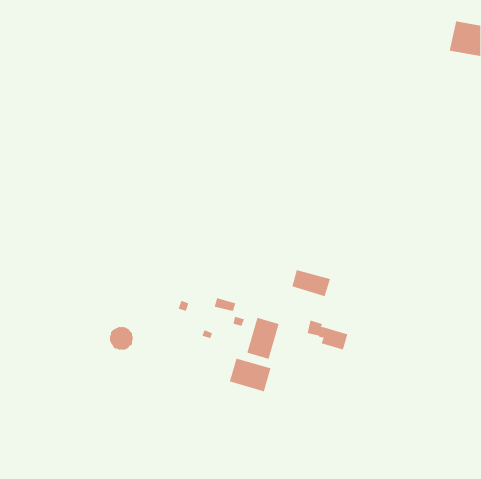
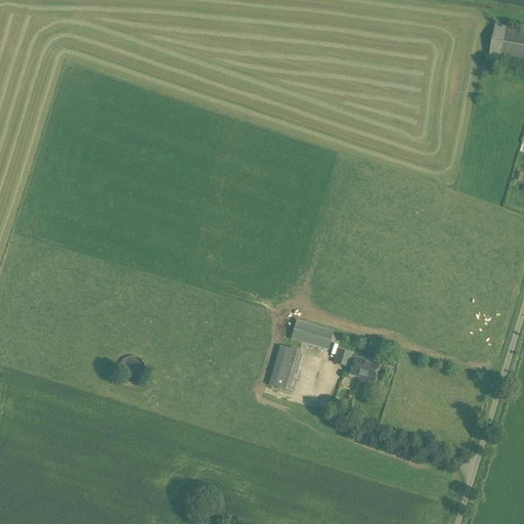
building: [291,269,331,297] -> [291,319,334,349]
building: [229,358,271,392] -> none

